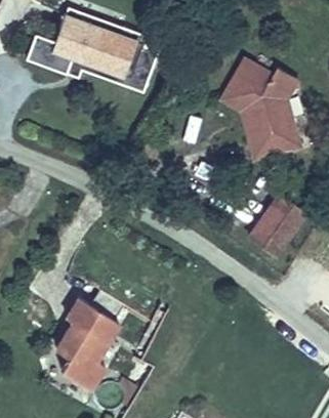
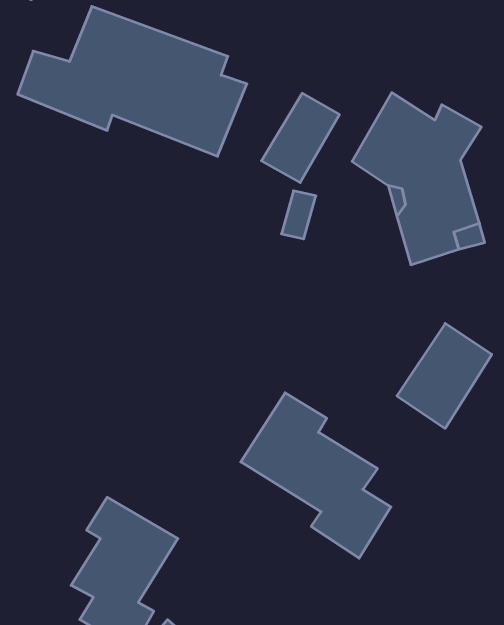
building: none -> [261,93,339,183]
building: none -> [241,393,391,558]

